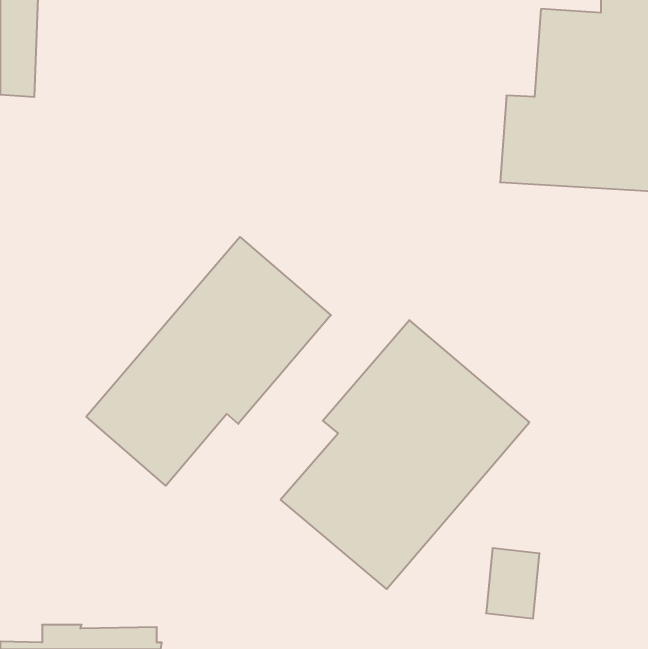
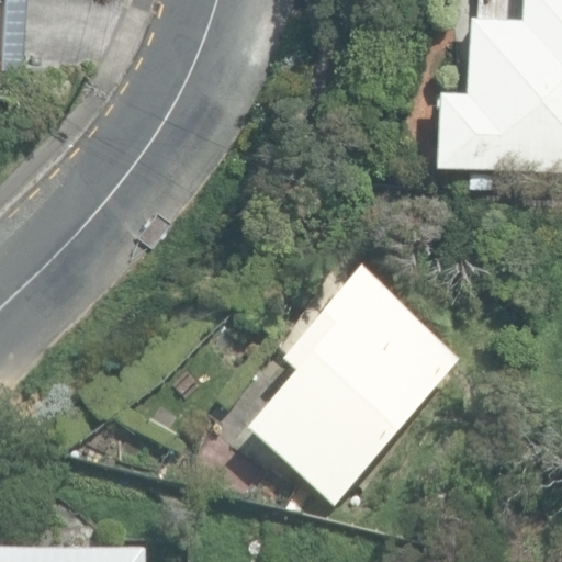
building: [86,237,331,486] -> none

